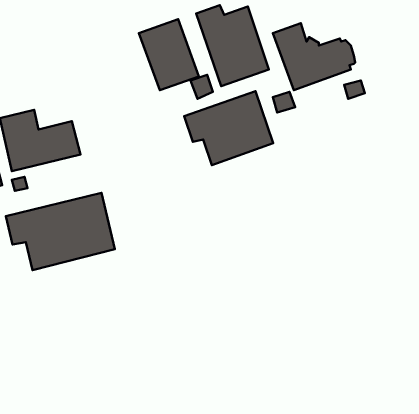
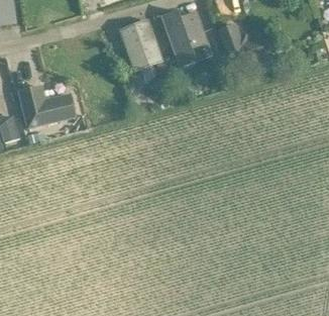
building: [184,91,273,165] -> none
building: [6,193,115,270] -> none

